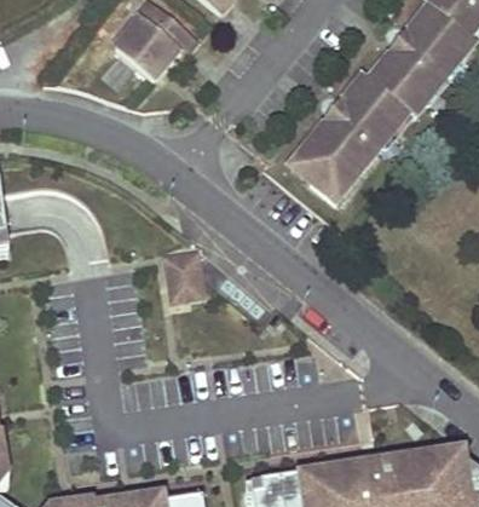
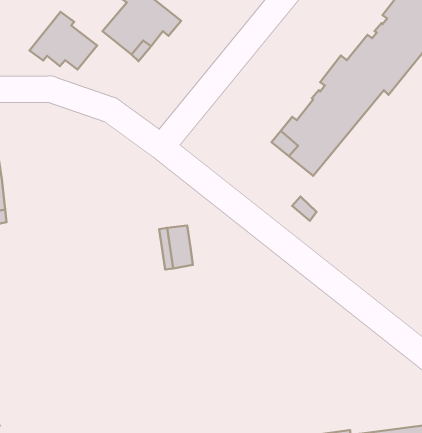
building: none -> [30,12,97,70]

